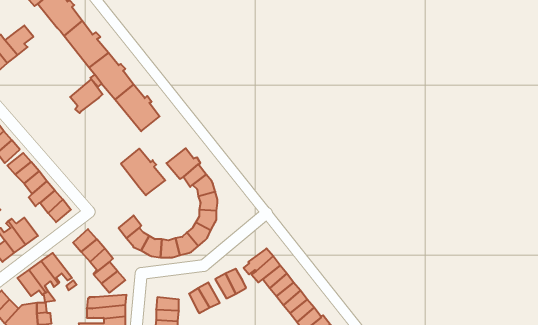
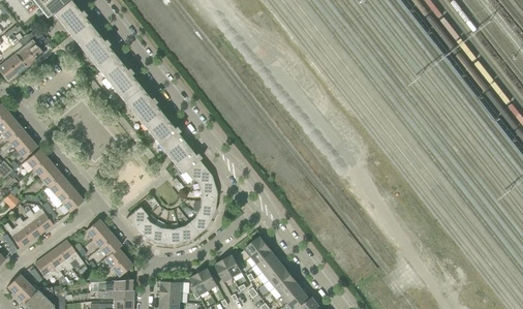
building: [70,79,103,113] -> none
building: [121,149,165,195] -> [147,116,187,158]

